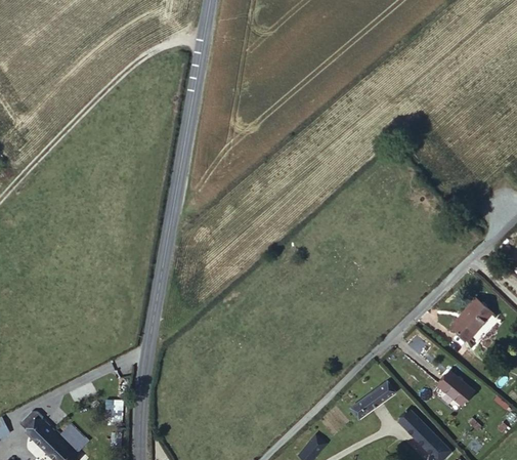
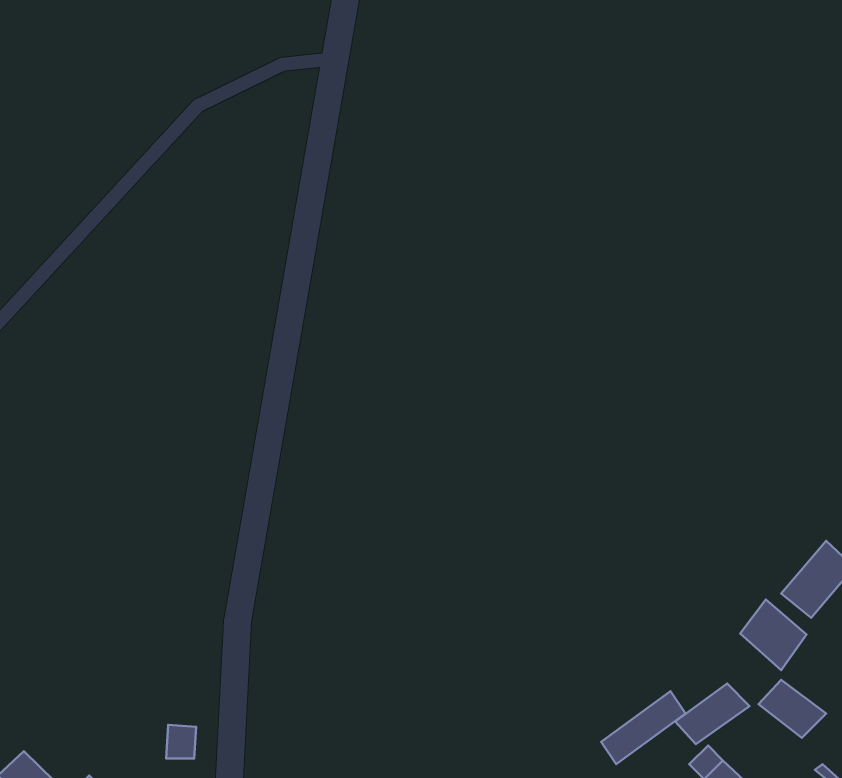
building: none -> [740,600,806,670]
building: none -> [675,684,750,744]

